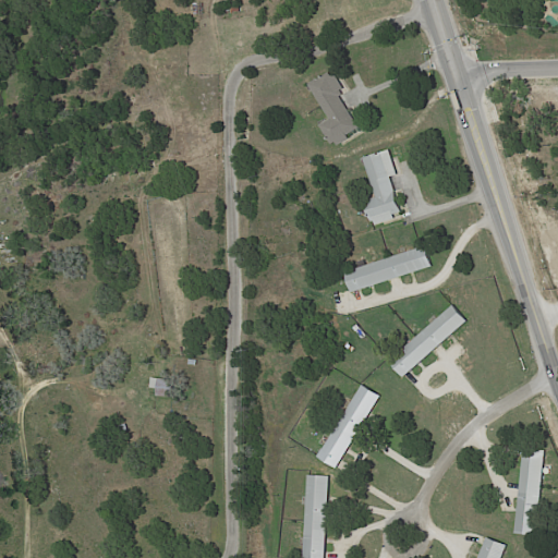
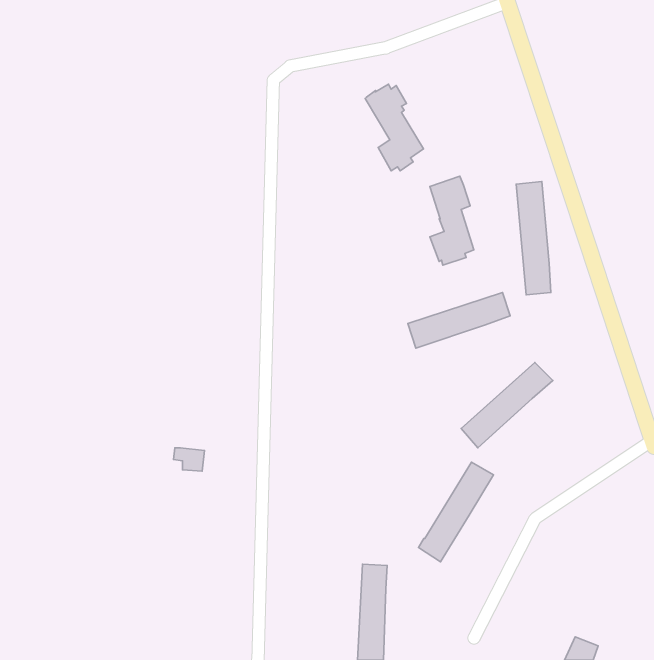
building: none -> [516,182,551,295]
building: [316,384,379,468] -> [419,462,494,562]
building: [512,448,542,535] -> none

